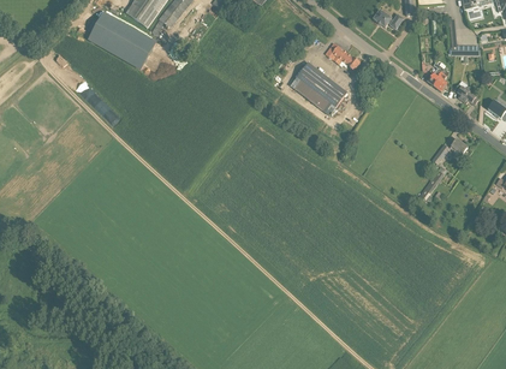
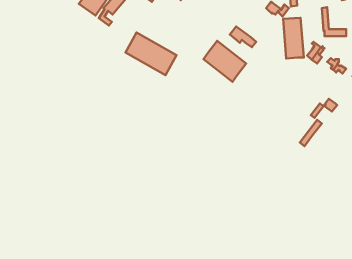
building: [88,12,155,69] -> [126,33,177,75]
building: none -> [283,18,304,58]

